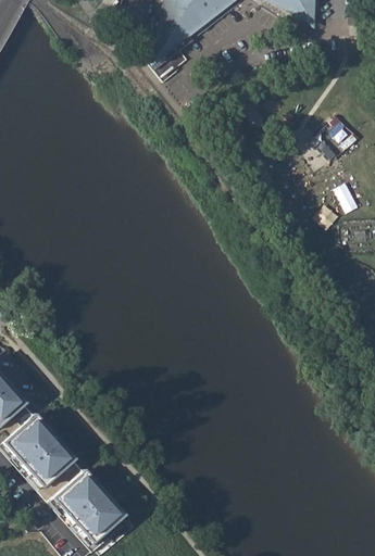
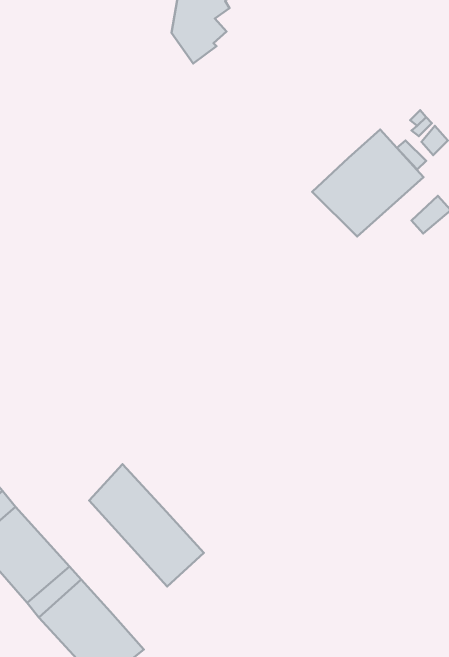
building: none -> [312,130,424,236]
building: none -> [89,464,204,587]

